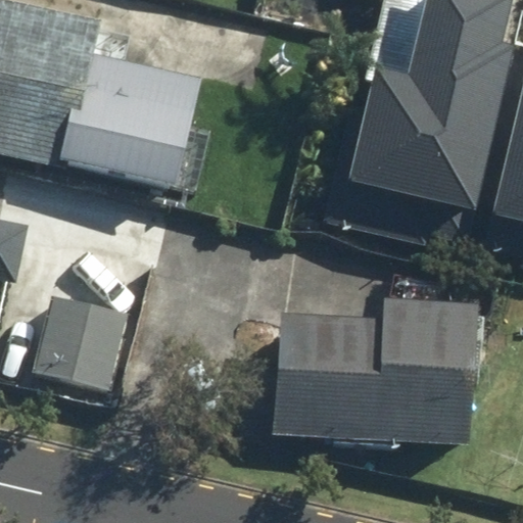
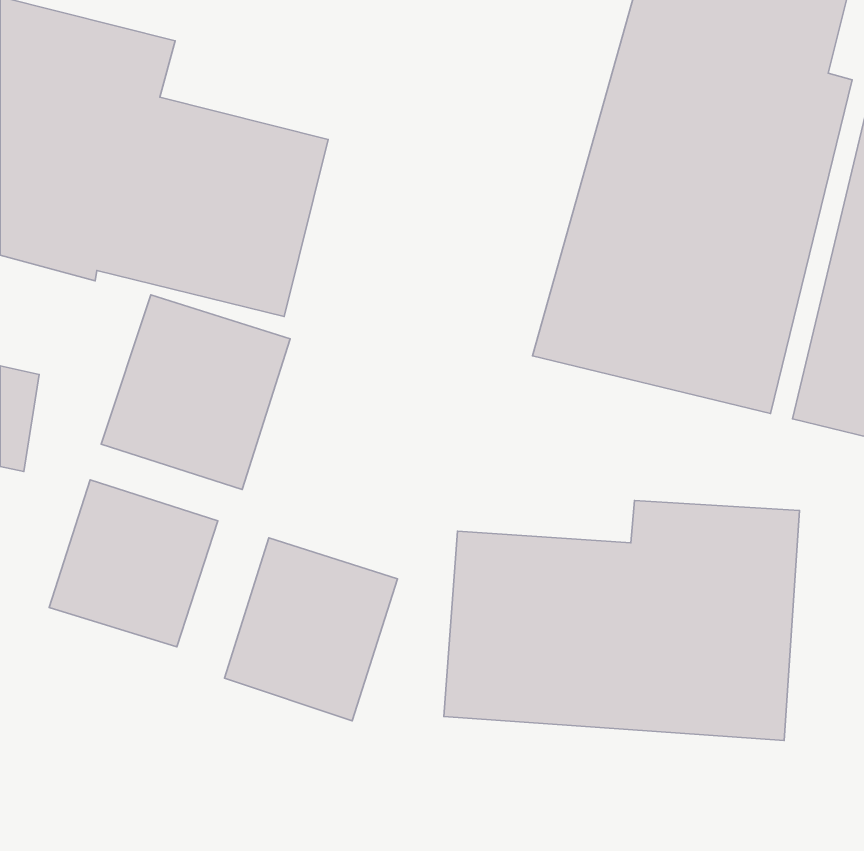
building: none -> [101,295,290,489]
building: none -> [225,538,398,721]

